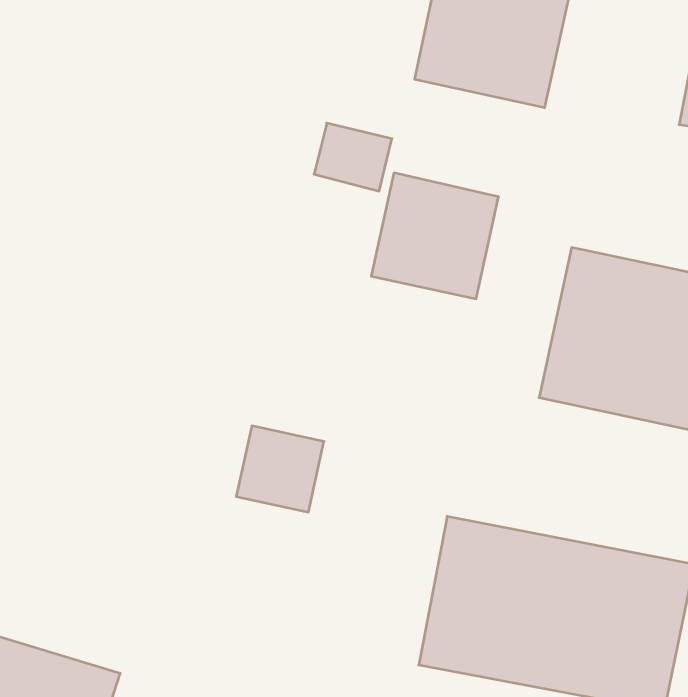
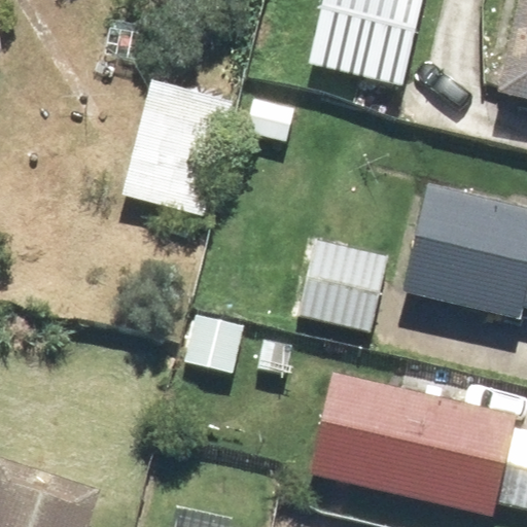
building: none -> [126,76,231,209]
building: [371,173,499,299] -> [297,239,390,330]

